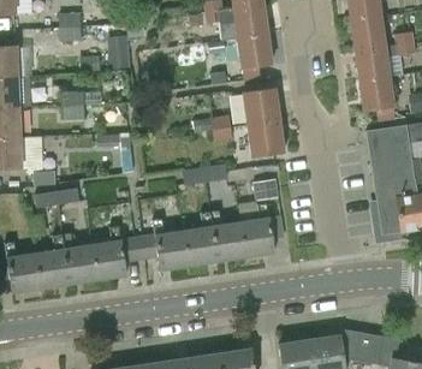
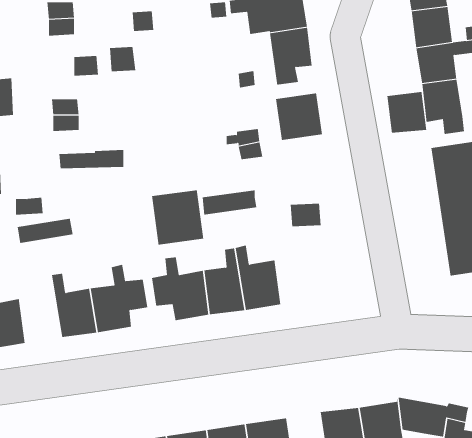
building: none -> [387,91,427,133]
building: [246,120,284,157] -> none
building: none -> [152,190,204,245]
building: [242,202,284,257] -> none
building: [36,233,70,288] -> none

